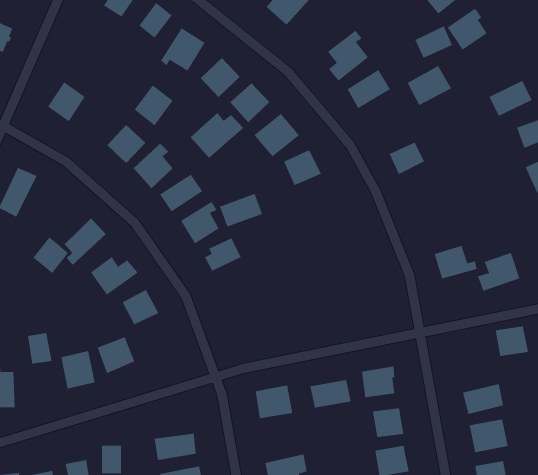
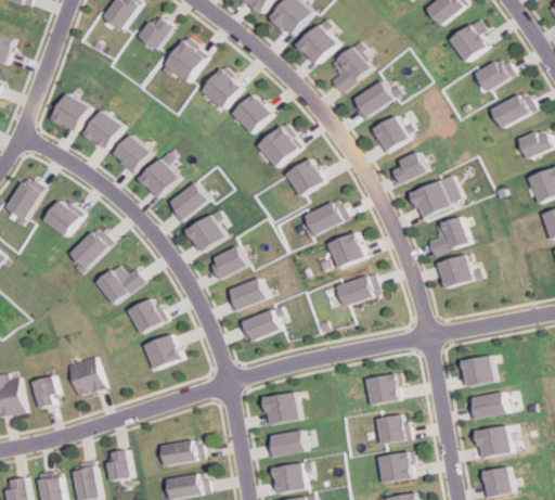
building: none -> [298,25,337,64]
building: [415,26,453,58] -> [475,57,513,90]
building: [407,65,452,106] -> [370,112,414,152]
building: [134,84,174,126] -> [85,110,124,151]
building: [190,112,244,159] -> none
building: none -> [406,176,459,218]
building: none -> [304,198,347,233]
building: [219,193,263,227] -> [221,278,264,311]
building: none -> [326,232,364,268]
building: [33,237,69,274] -> [43,200,79,236]
building: [477,252,520,292] -> [425,216,467,255]
building: none -> [335,273,378,306]
building: none -> [234,309,278,342]
building: [495,326,529,356] -> [459,356,492,386]
building: [27,332,52,364] -> [33,376,57,408]
building: [97,336,135,374] -> [142,333,180,370]
building: [310,379,351,408] -> [261,430,302,458]

